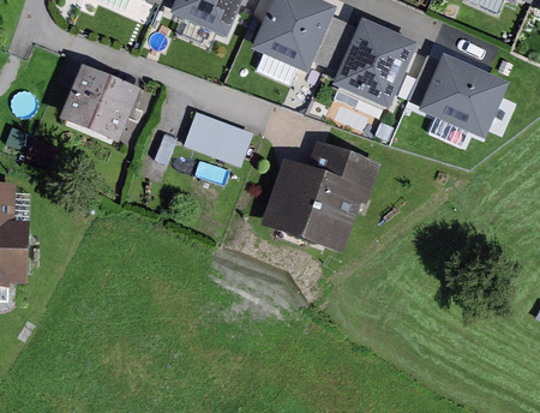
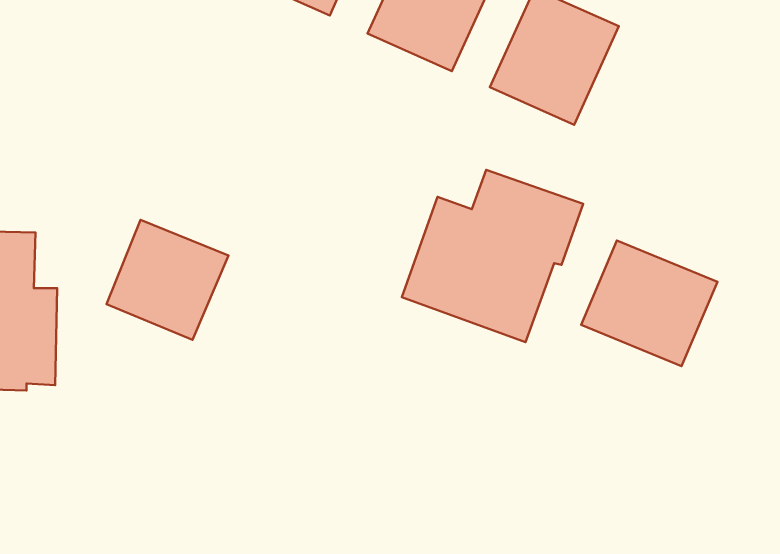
building: [418,56,509,140] -> [581,241,717,366]
building: [72,64,154,144] -> [106,220,229,340]
building: [193,110,260,166] -> none

